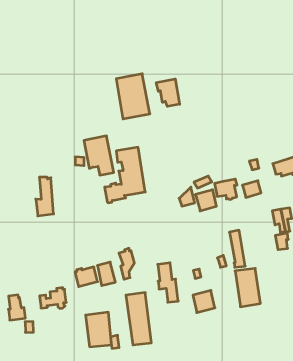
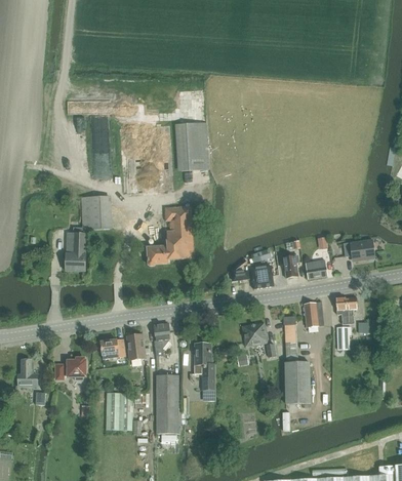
building: [156,79,180,106] -> none
building: [84,136,114,175] -> [80,195,110,239]
building: none -> [304,302,324,327]
building: [193,290,215,313] -> [243,322,267,346]

